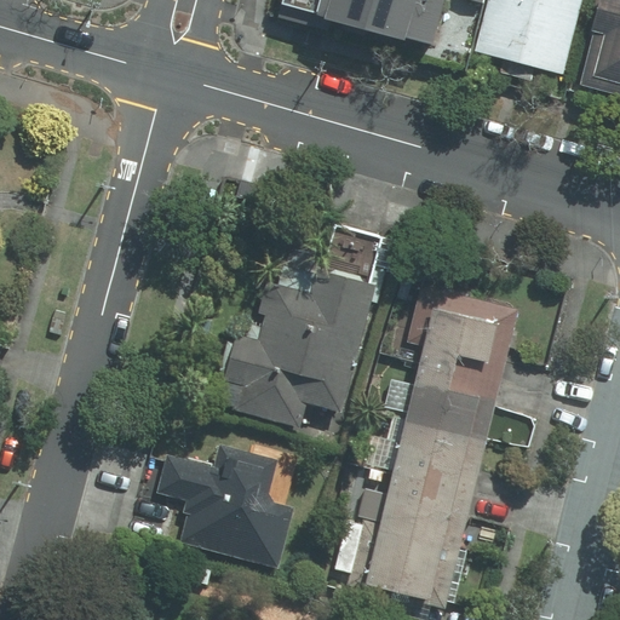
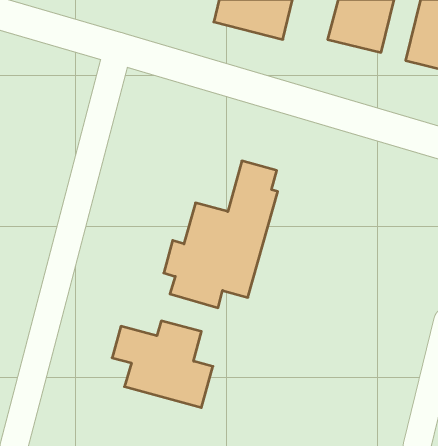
building: [350,311,501,602] -> none

